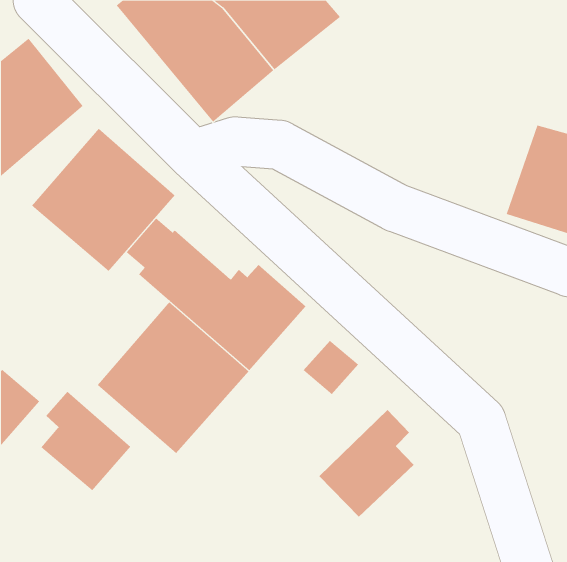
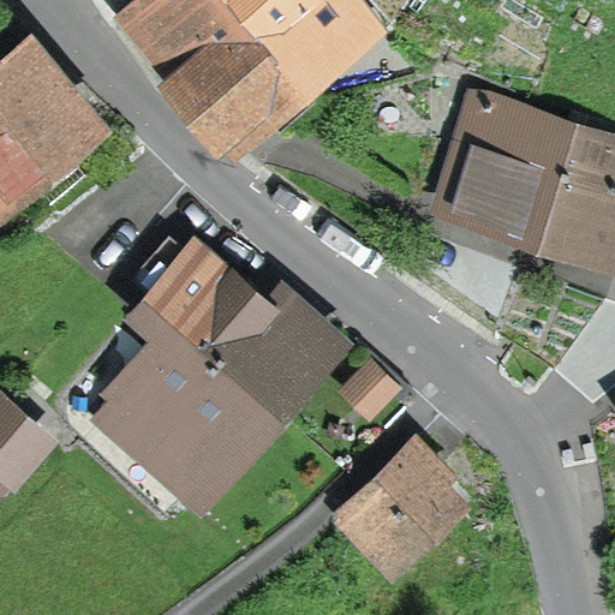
building: none -> [442,101,581,239]
building: [31,128,175,272] -> none
building: [41,391,131,491] -> none

